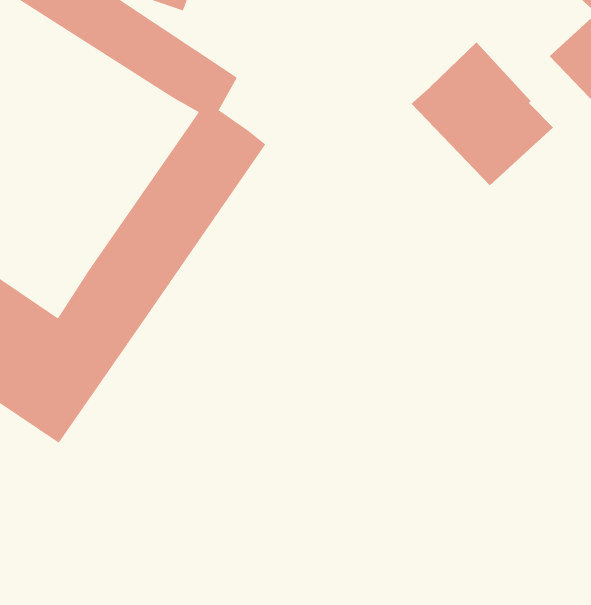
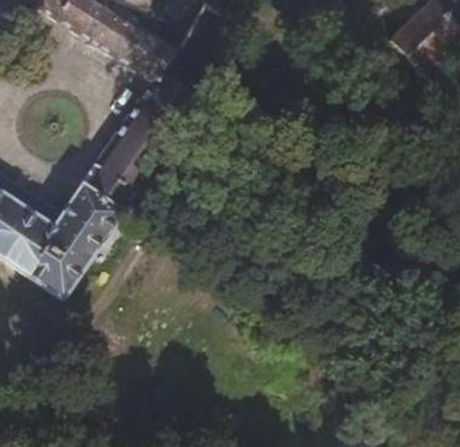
building: [411,42,554,186] -> none

